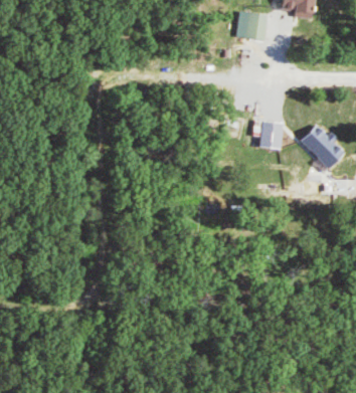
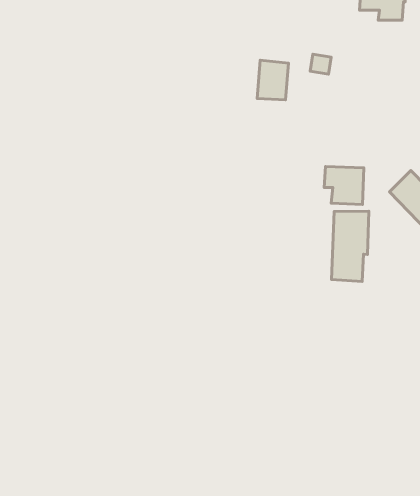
building: [246,12,269,40] -> [257,60,288,100]
building: none -> [331,211,369,281]

